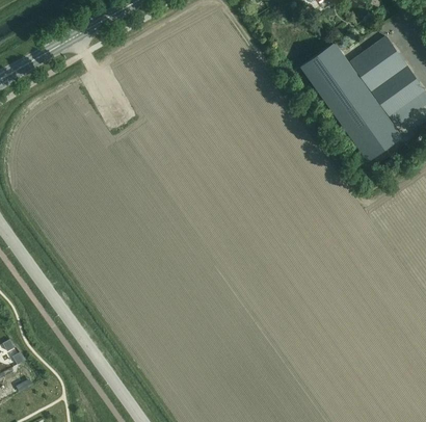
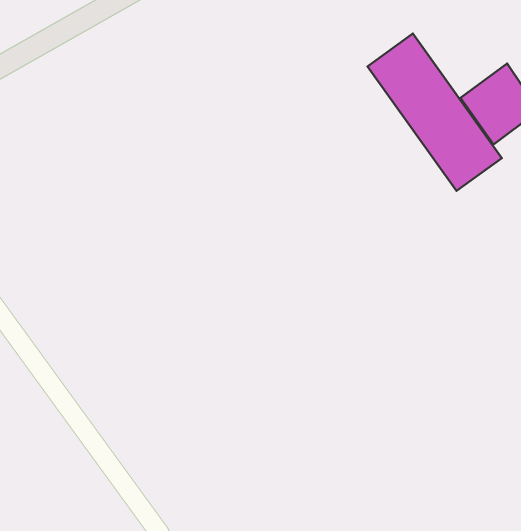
building: [350,35,406,89] -> none

